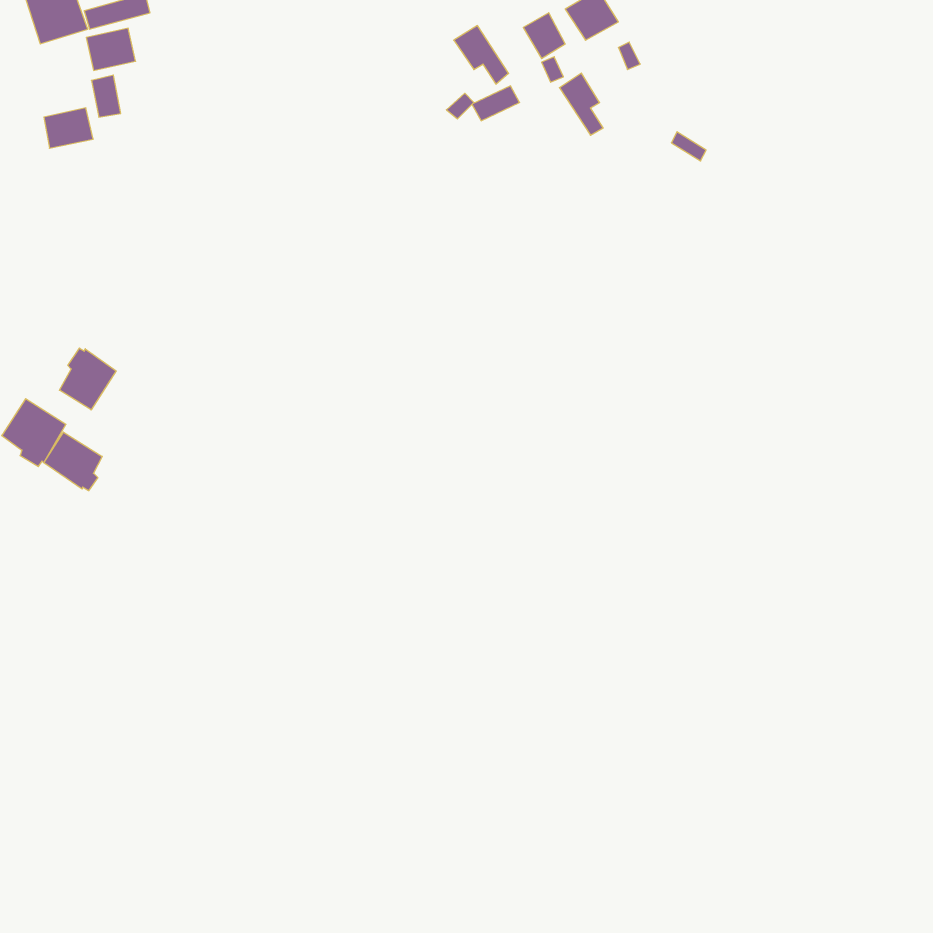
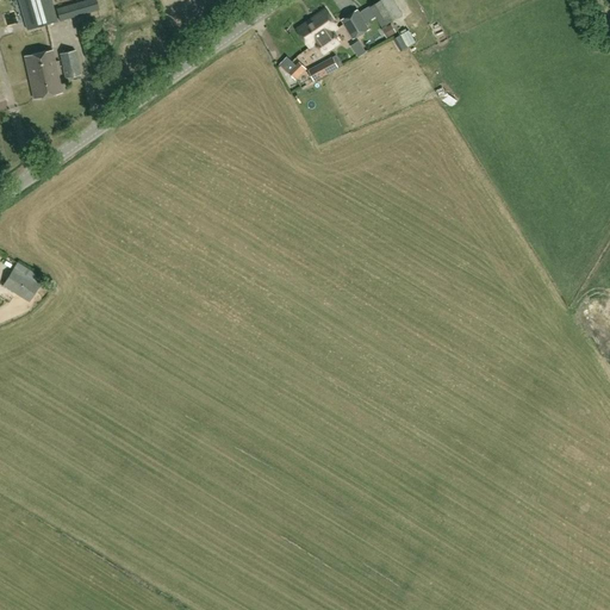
building: [86,28,136,70] -> [24,49,56,76]
building: [559,73,603,135] -> [311,7,340,48]
building: [59,348,116,410] -> none
building: [44,432,102,491] -> none

